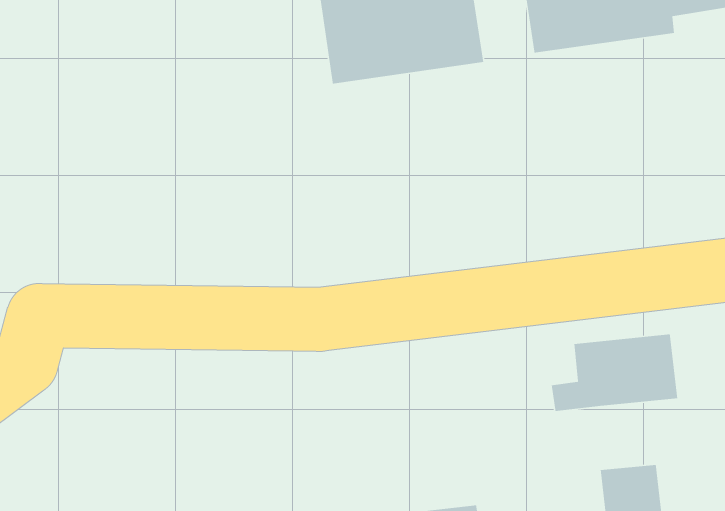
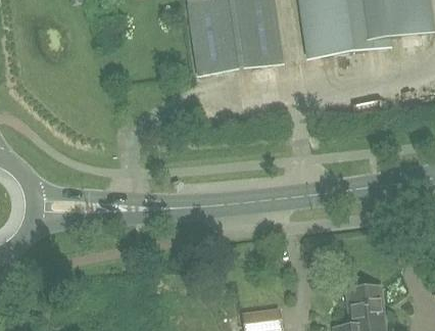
building: [551,334,678,412] -> none

